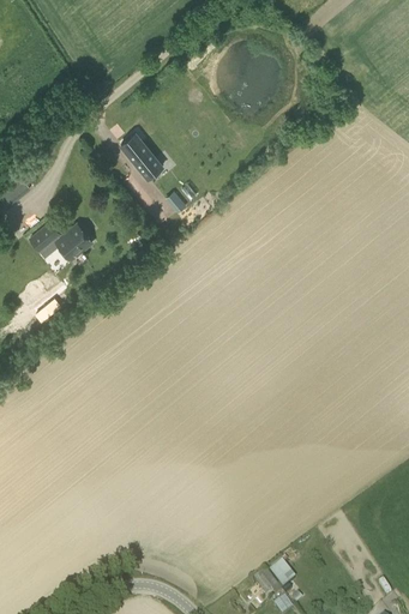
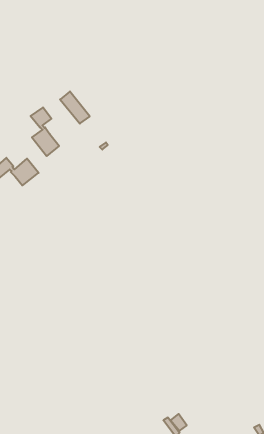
building: none -> [31,107,59,156]

